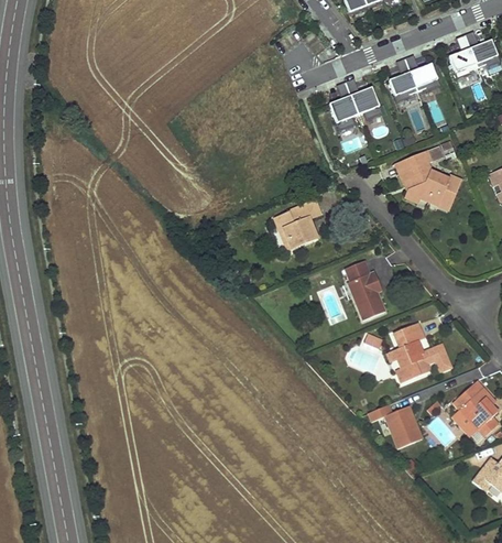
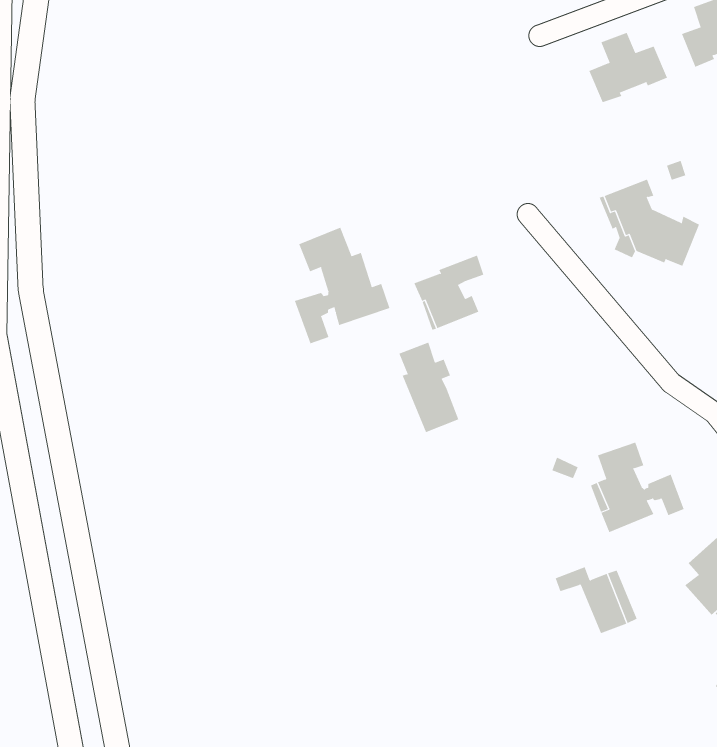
building: [329,78,382,130] -> none
building: none -> [294,227,390,344]
building: [346,260,385,319] -> [399,342,459,433]

